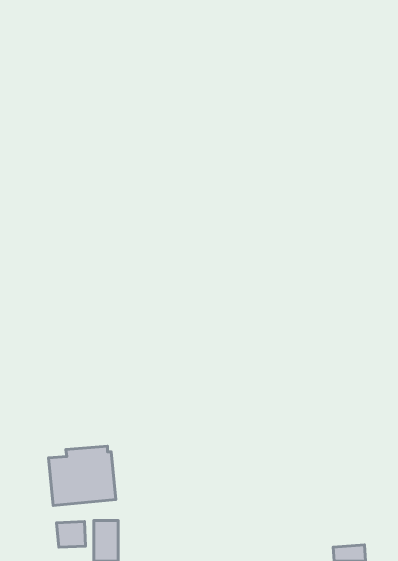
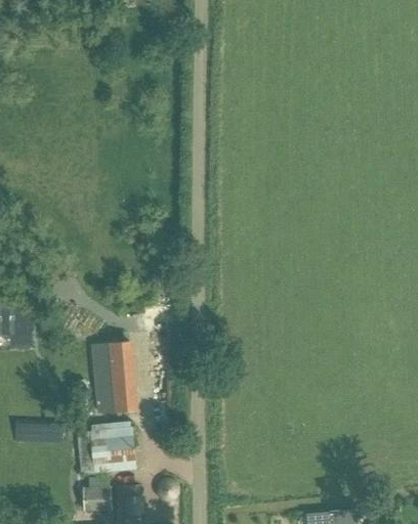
building: none -> [93,342,135,412]

